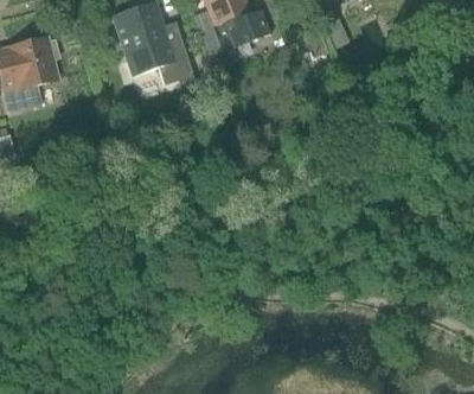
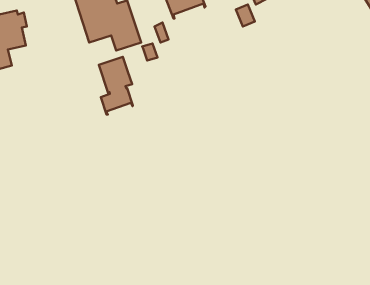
building: none -> [99,57,133,115]

